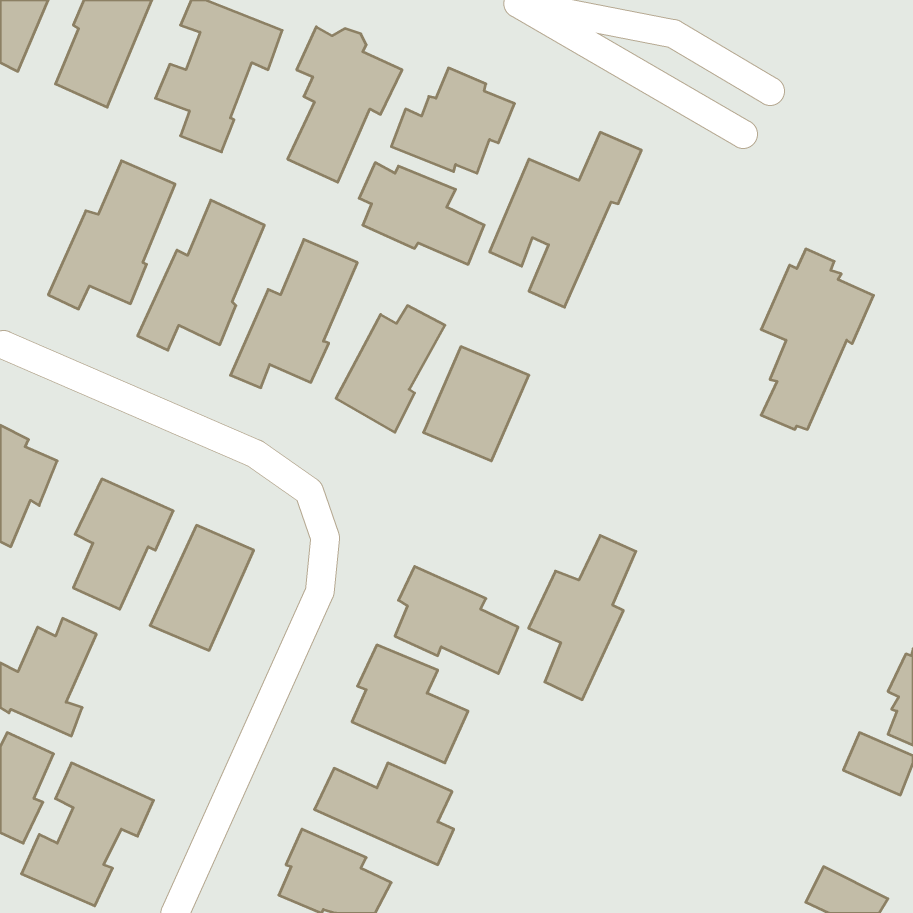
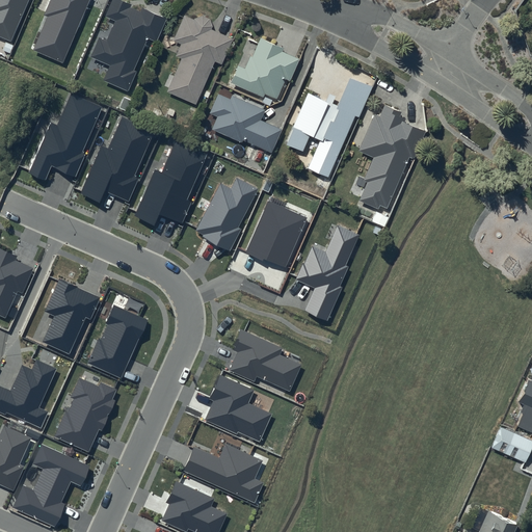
building: [761,249,874,429] -> [358,105,424,210]
building: [529,535,636,700] -> [296,225,358,321]
building: none -> [54,378,117,452]

